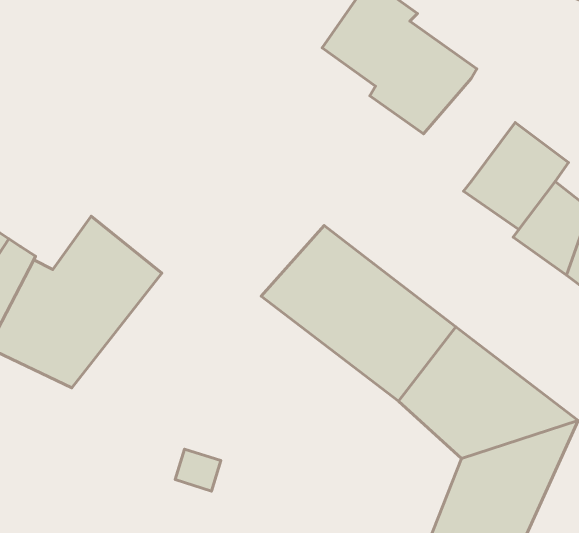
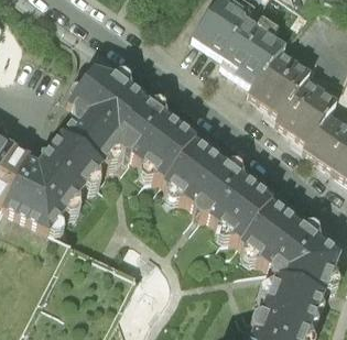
building: none -> [249,50,310,109]
building: none -> [61,66,195,175]

